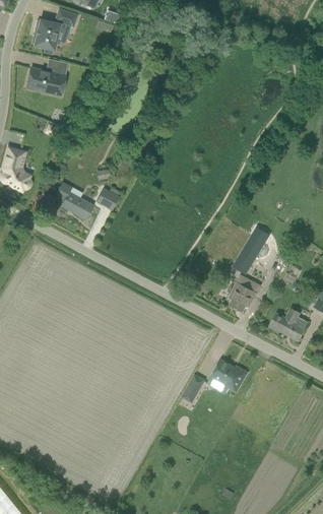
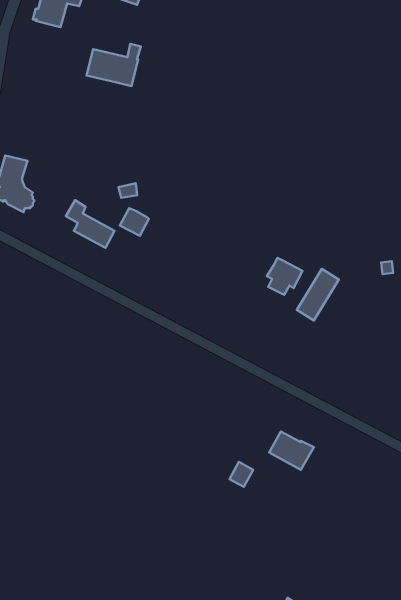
building: [25,63,67,95] -> [87,44,141,86]
building: [229,282,256,311] -> [267,258,303,295]
building: [269,308,308,340] -> none

